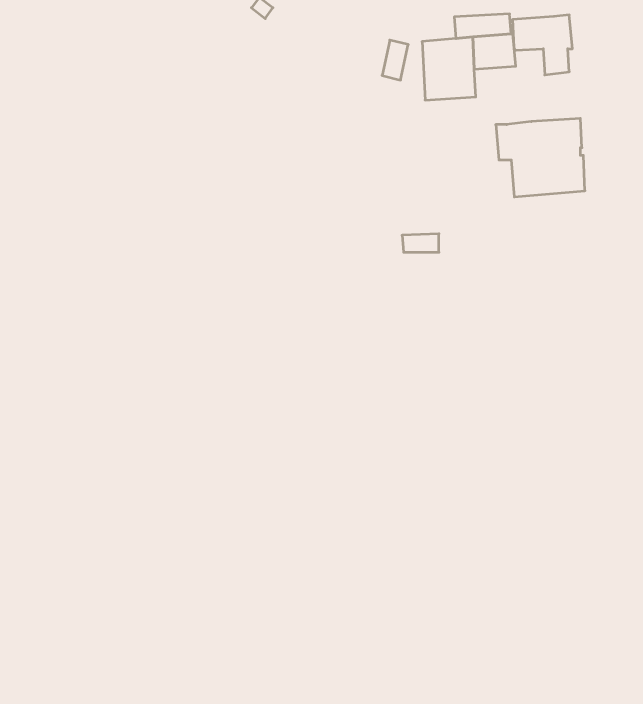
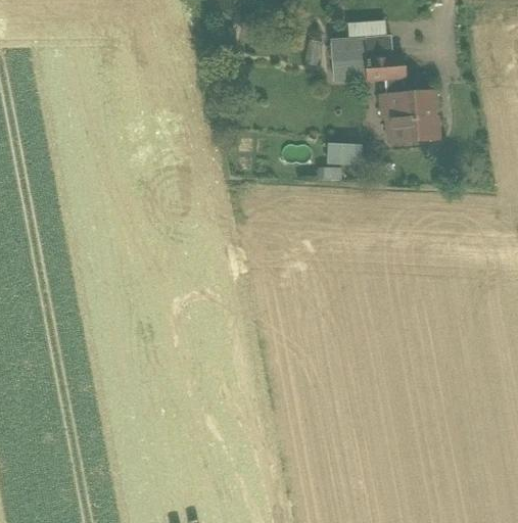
building: [512,15,572,75] -> [365,55,405,95]
building: none -> [326,143,362,165]

